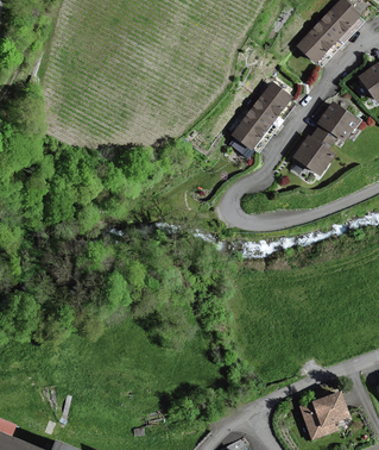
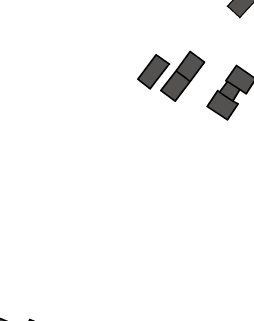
building: [299,21,337,61] -> none
building: none -> [138,55,169,89]
building: [299,392,348,438] -> none

